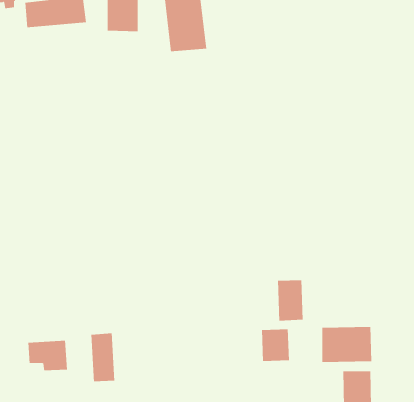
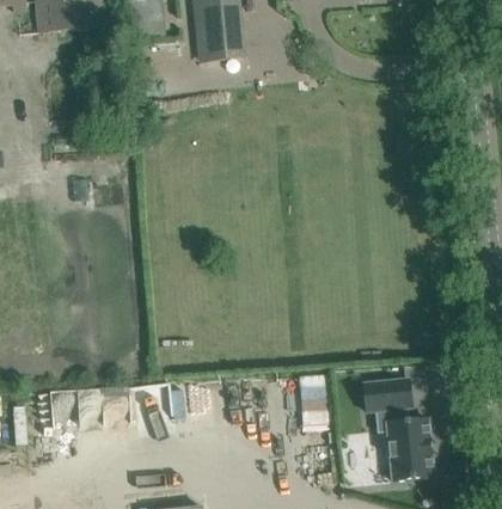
building: [277,280,303,321] -> none
building: [91,333,115,382] -> none

